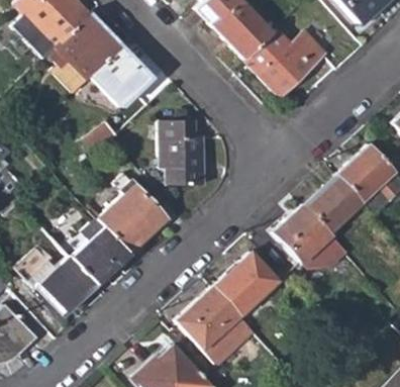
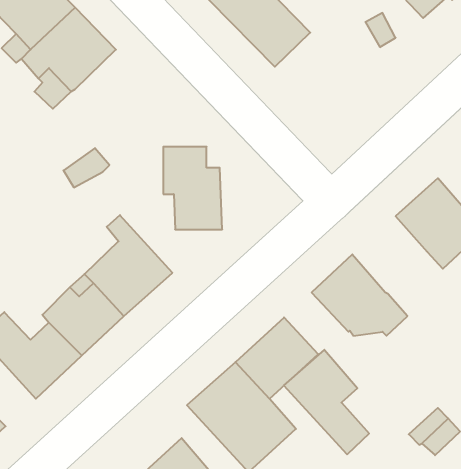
building: [245,30,327,96] -> none
building: [92,46,152,105] -> none
building: [305,175,363,233] -> none
building: none -> [284,350,369,454]

